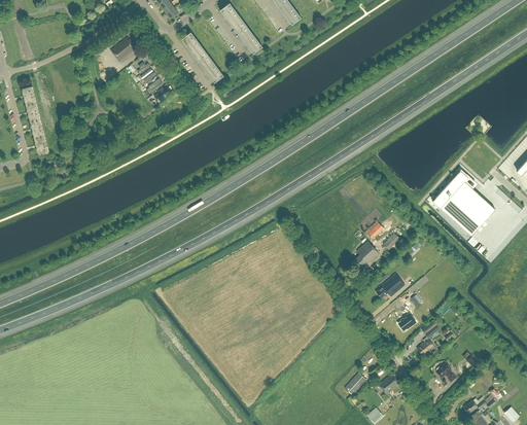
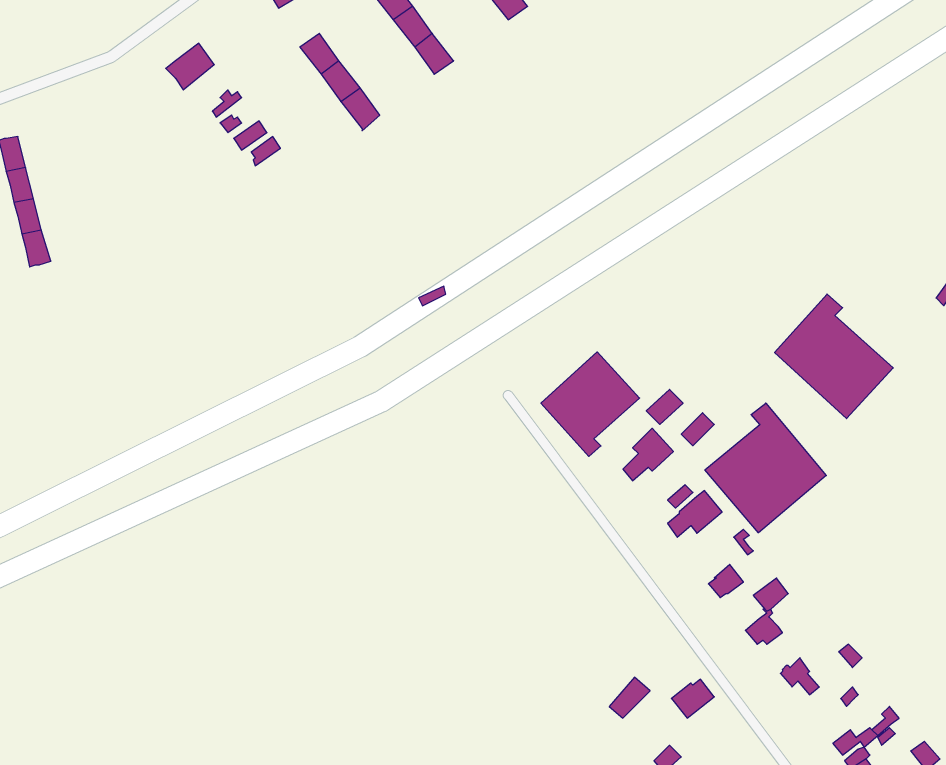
building: none -> [541,352,640,456]
building: none -> [705,403,826,533]

